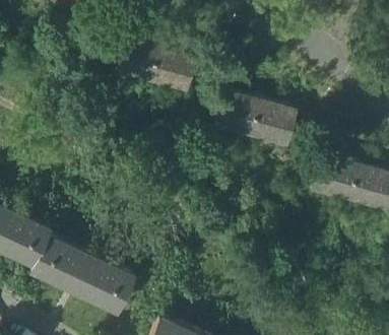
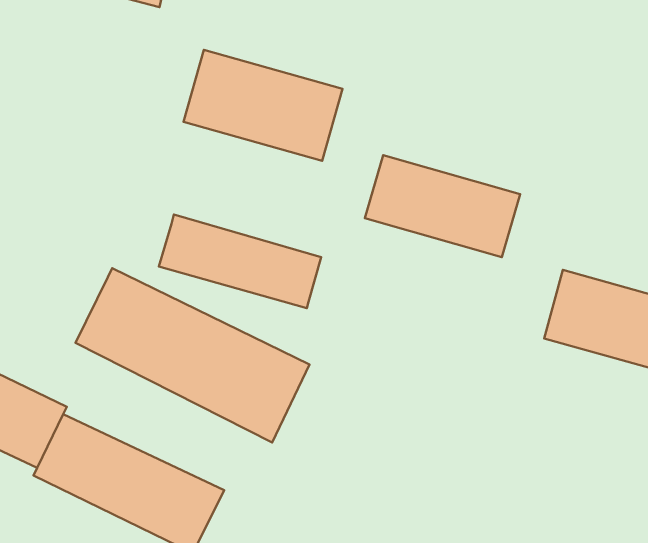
building: none -> [159,215,321,308]
building: none -> [75,268,310,442]

